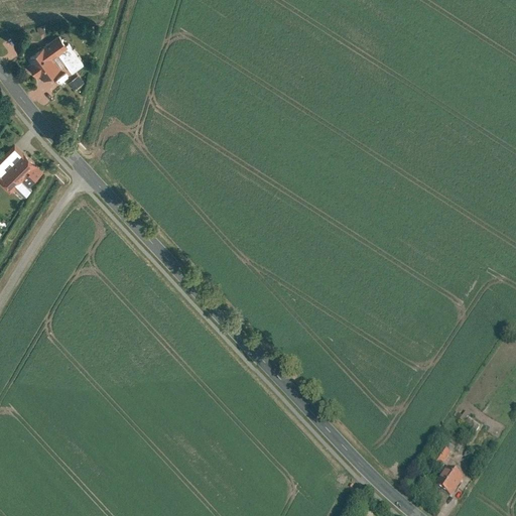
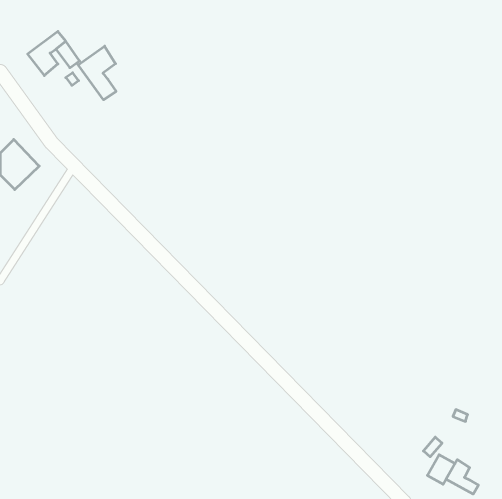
building: none -> [78,46,116,100]
building: none -> [446,460,478,494]

